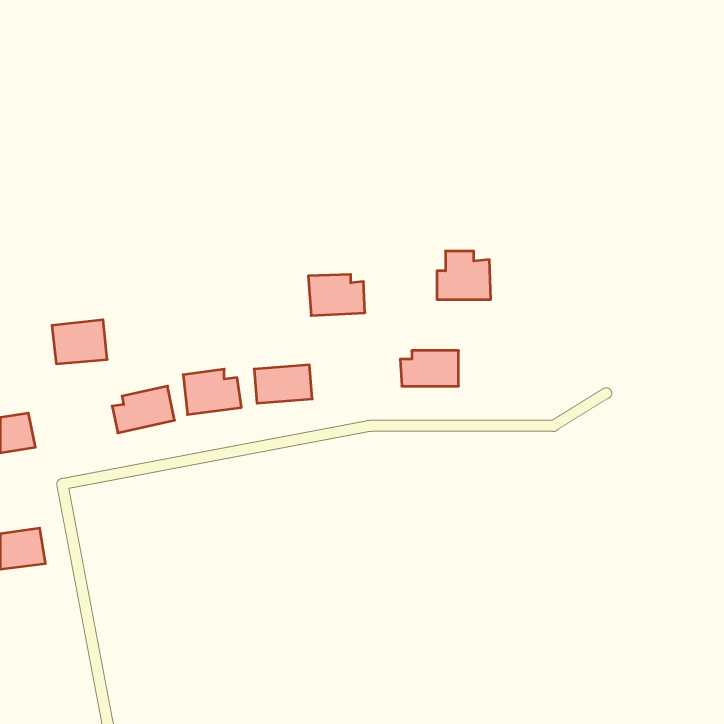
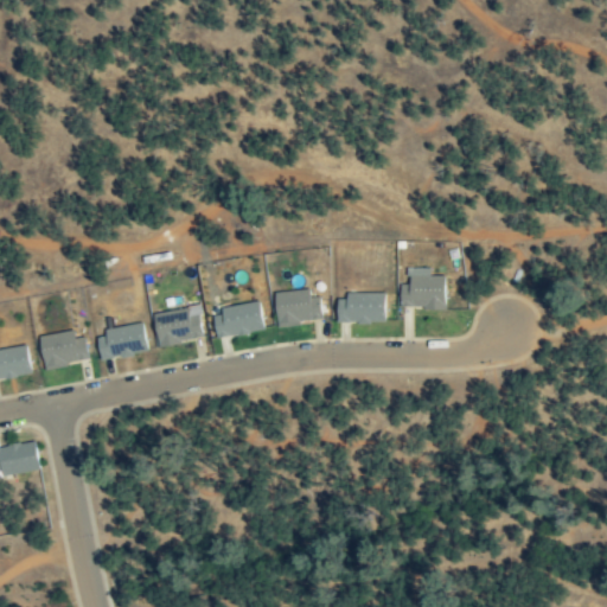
building: [437,251,491,299] -> [400,268,445,308]
building: [308,274,365,316] -> [274,290,321,325]
building: [52,320,107,364] -> [39,330,85,366]

